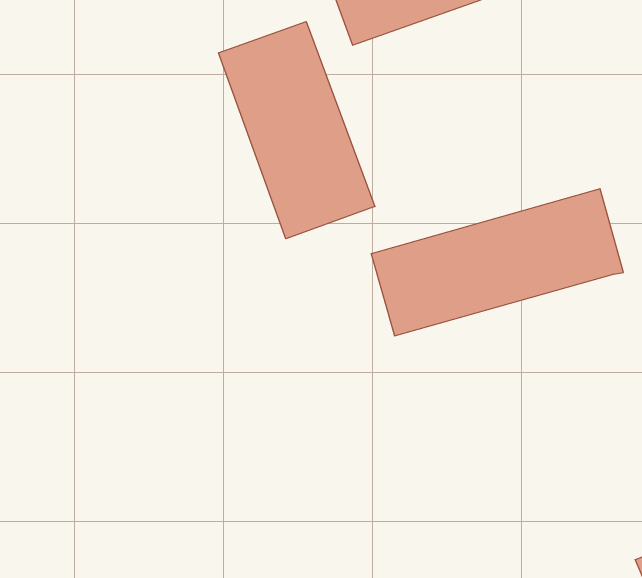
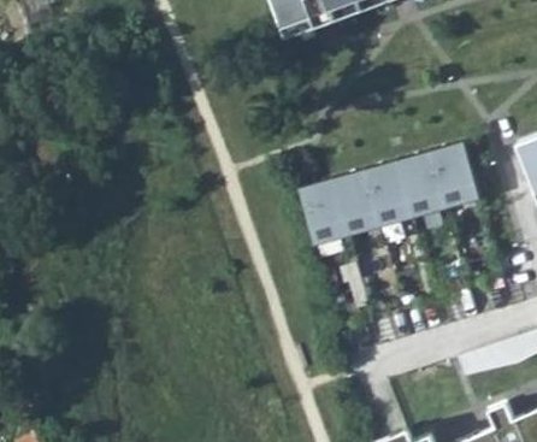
building: [219,22,375,239] -> none

